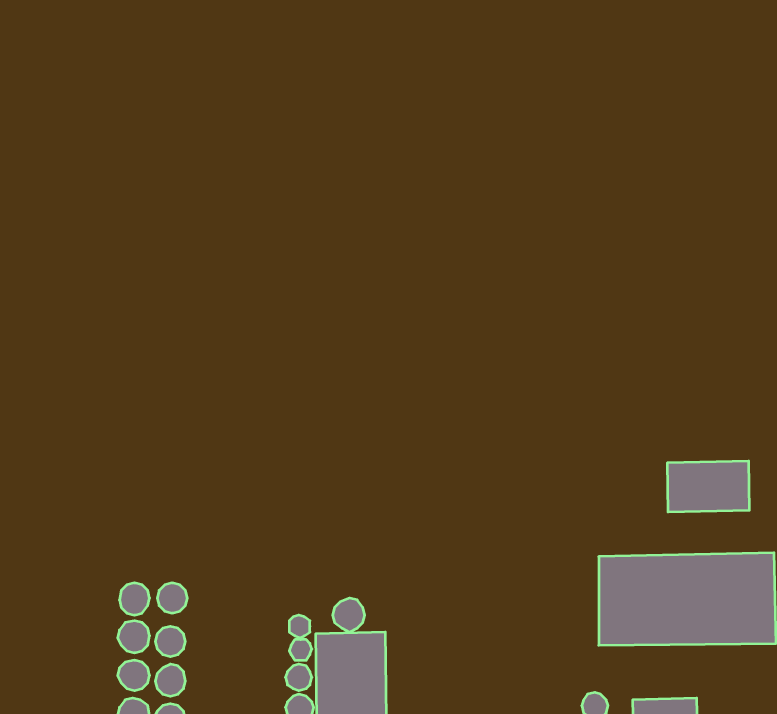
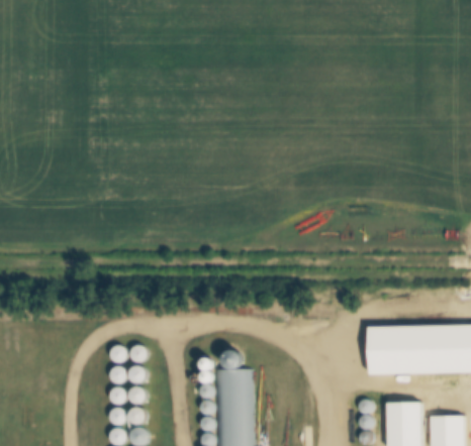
building: [668,461,749,512] -> none

